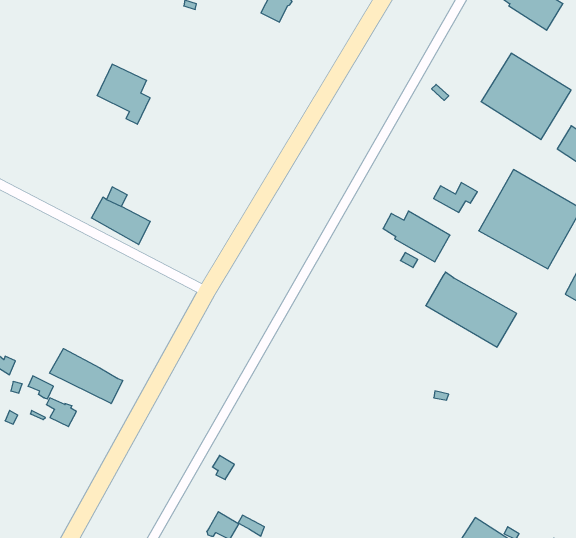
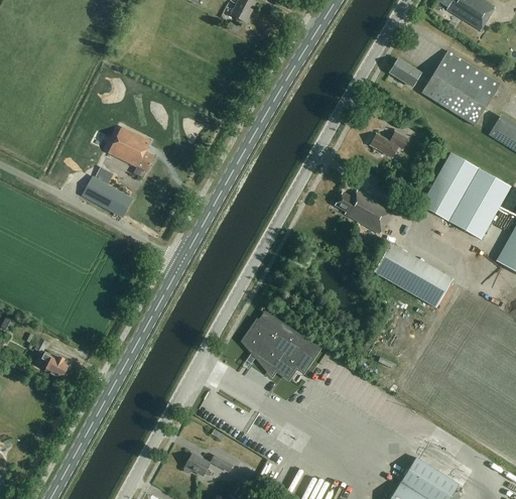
building: none -> [389,58,419,86]
building: [97,64,150,124] -> [108,126,154,178]
building: [434,183,477,212] -> [370,131,408,157]
building: [50,349,123,404] -> none
building: none -> [242,313,320,380]

